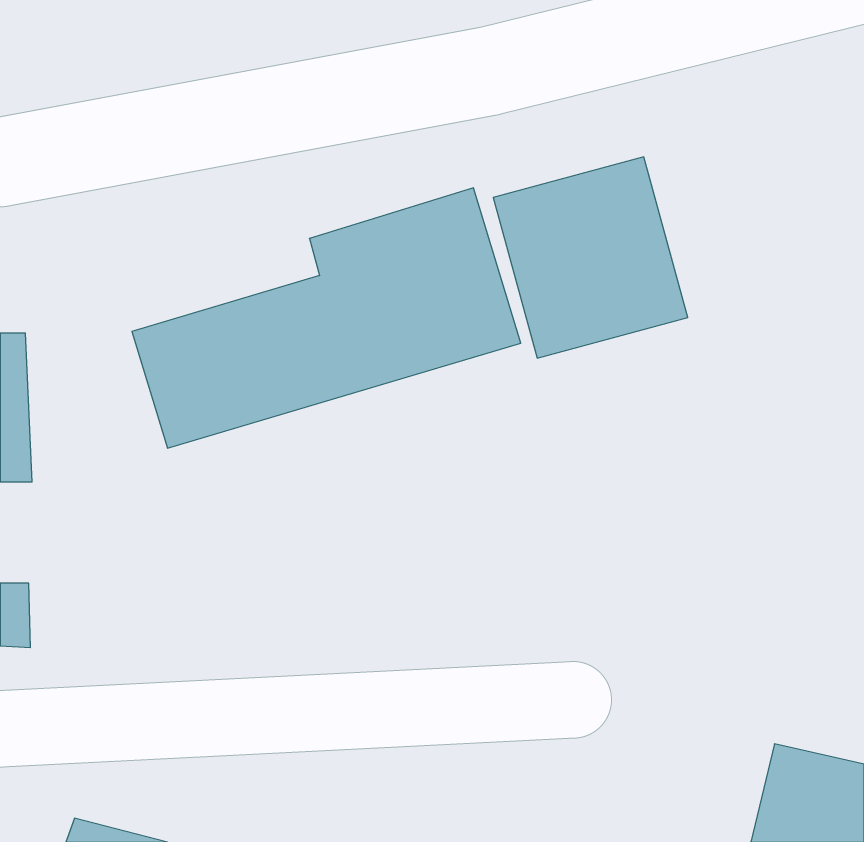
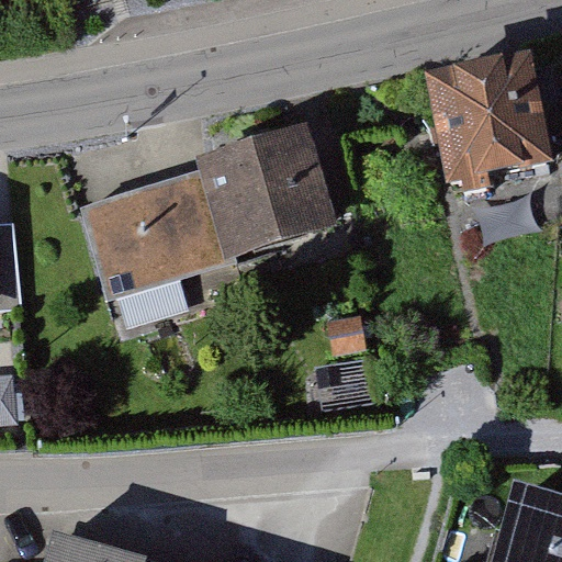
building: [493,157,688,358] -> [420,55,547,186]

